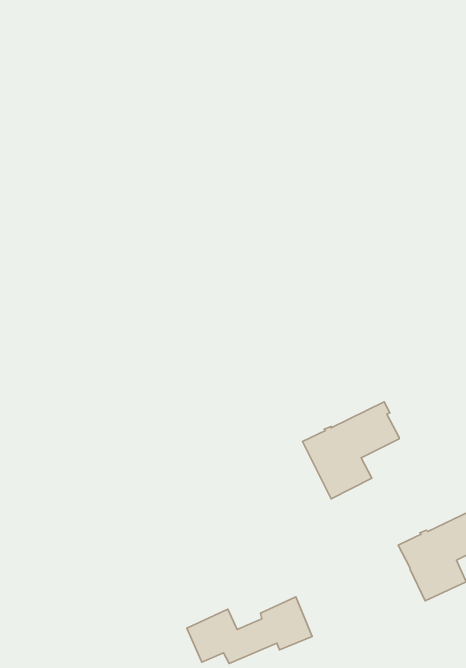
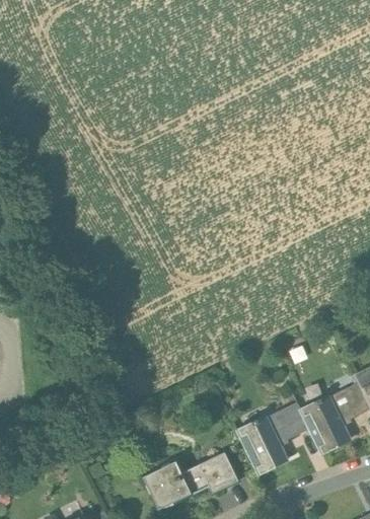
building: [302,402,399,499] -> [237,402,309,474]

